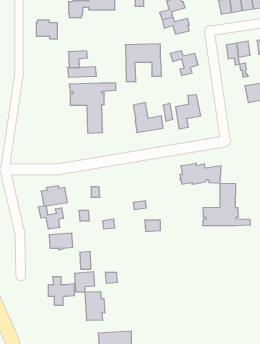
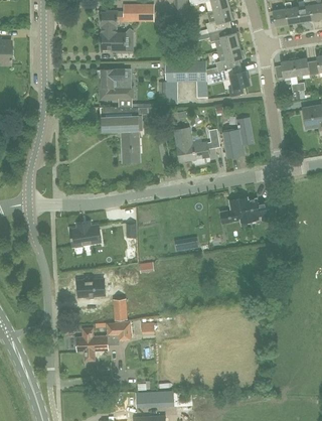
building: [36,20,57,39] -> [101,30,125,51]
building: none -> [206,45,245,75]
building: [203,183,250,226] -> none
building: [39,206,64,229] -> none
building: [85,291,105,321] -> none

